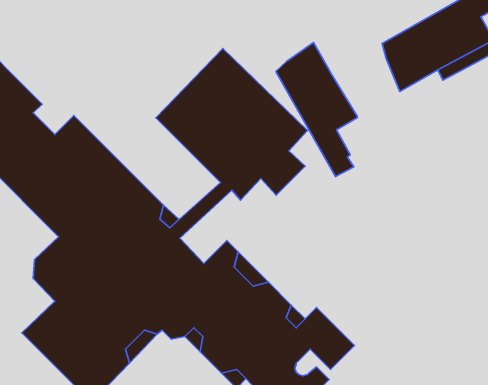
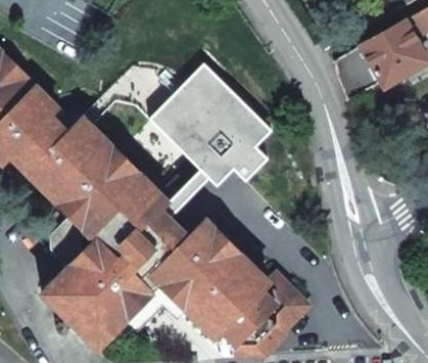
building: [276,42,357,177] -> none

